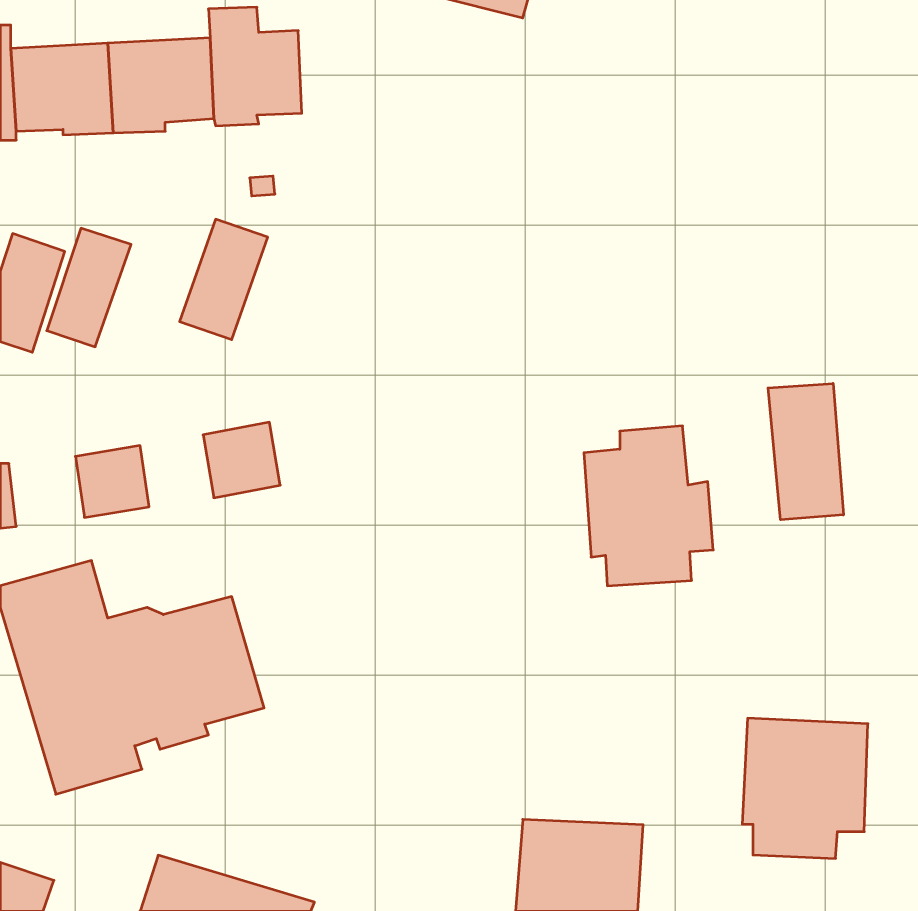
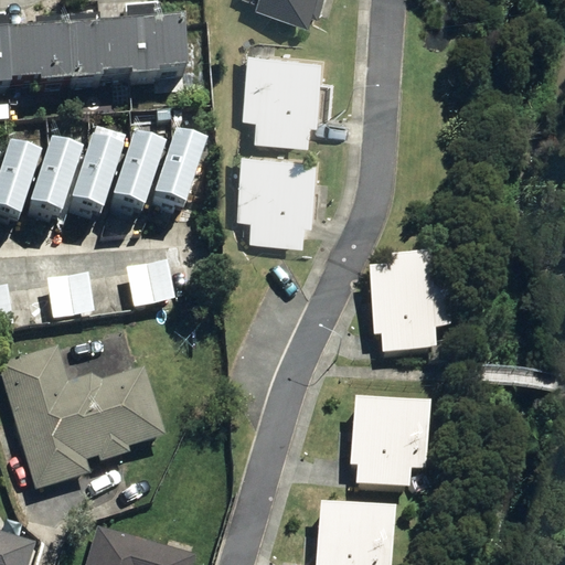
building: none -> [248,44,332,138]
building: none -> [153,132,205,205]
building: none -> [71,137,121,210]
building: none -> [243,143,327,238]
building: [768,383,843,520] -> none
building: [742,718,868,858] -> [351,398,428,484]

